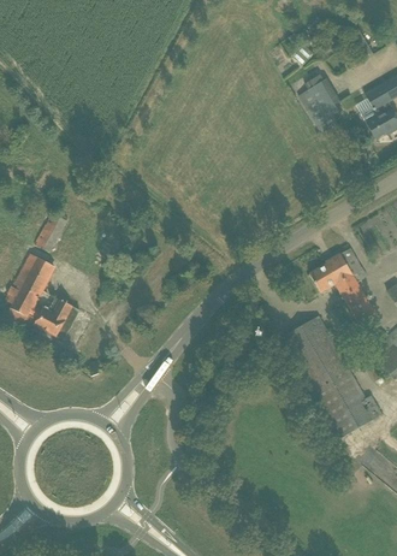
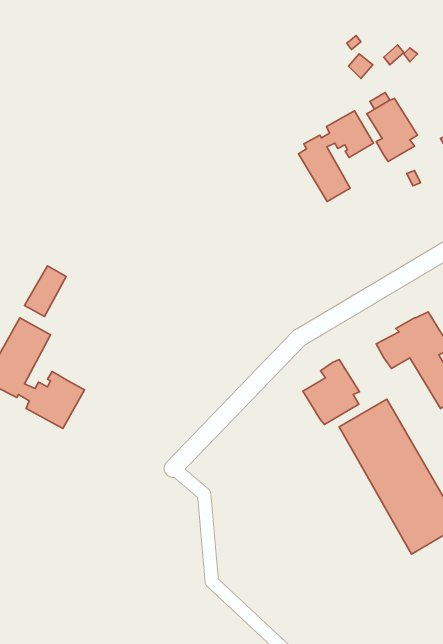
building: none -> [298,111,373,202]
building: none -> [303,360,359,424]

